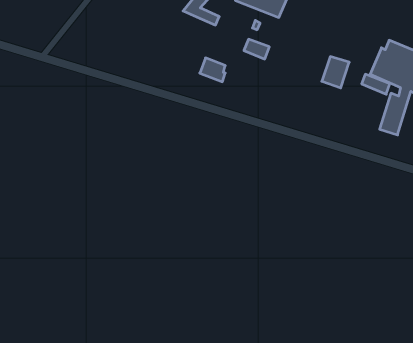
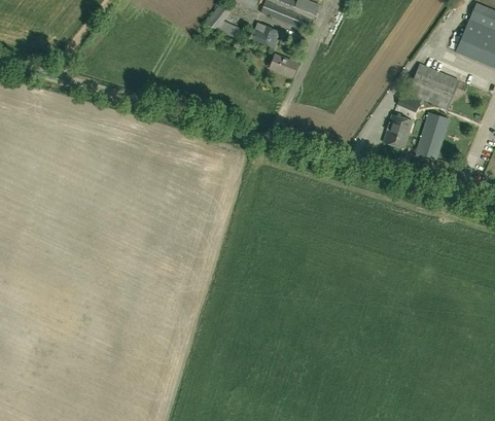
building: [322,57,349,88] -> [380,113,410,147]
building: [200,58,225,82] -> [250,23,278,48]

